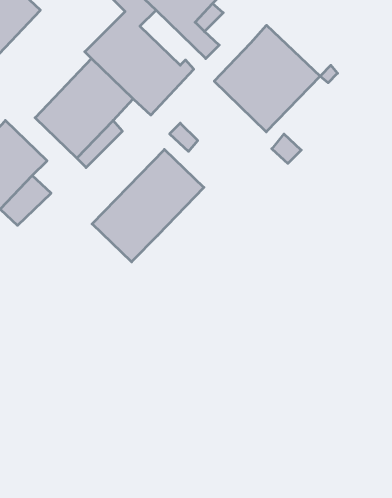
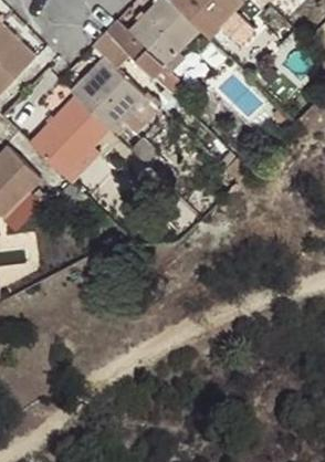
building: [214,25,320,132] -> none
building: [92,149,204,262] -> none

